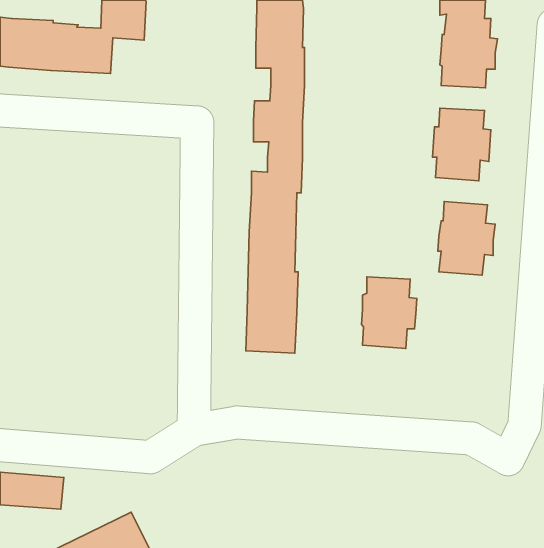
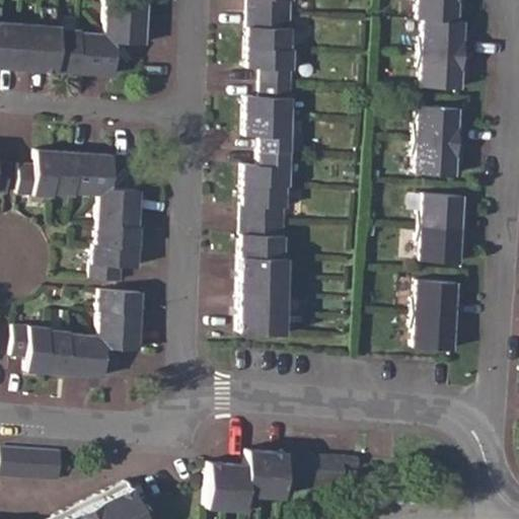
building: none -> [18,151,140,282]
building: [361,277,417,348] -> [413,281,464,348]
building: none -> [15,290,144,378]
building: none -> [211,451,364,511]

